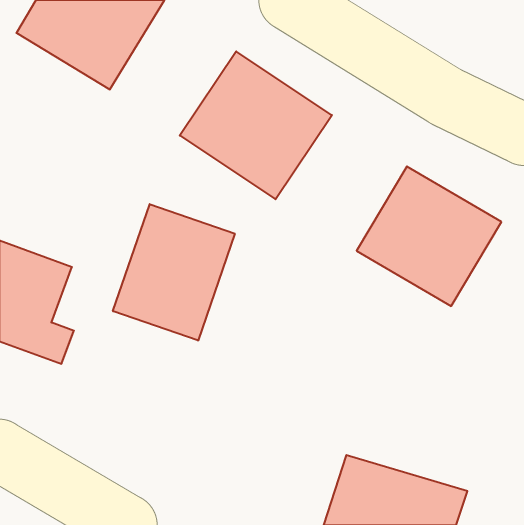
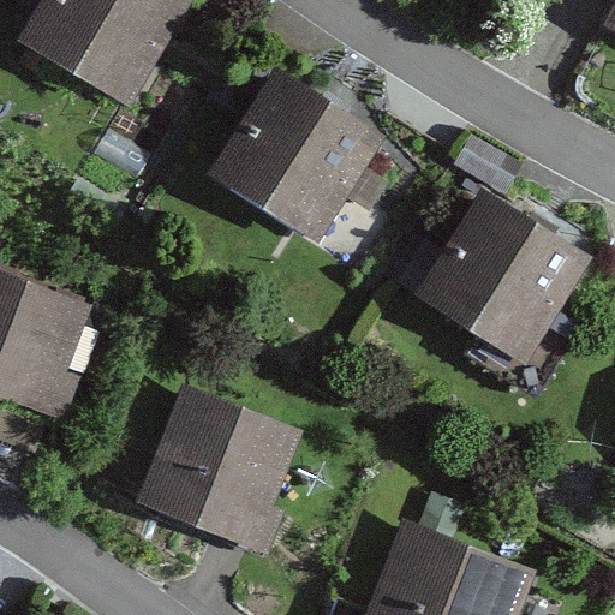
building: [113,204,235,341] -> none
building: none -> [135,389,305,554]

